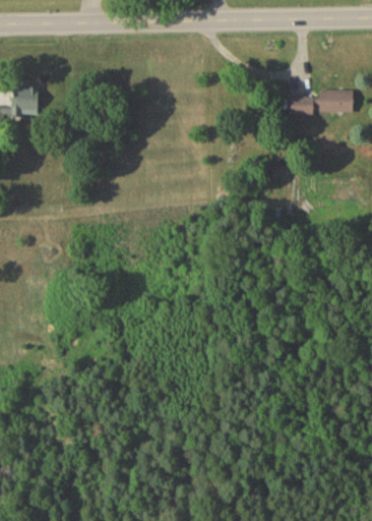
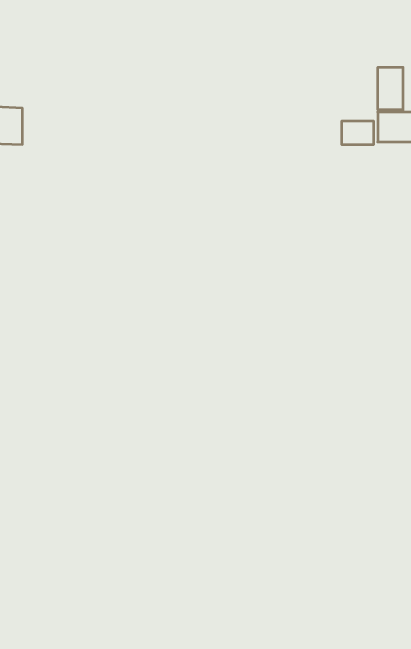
building: none -> [378,67,403,110]

